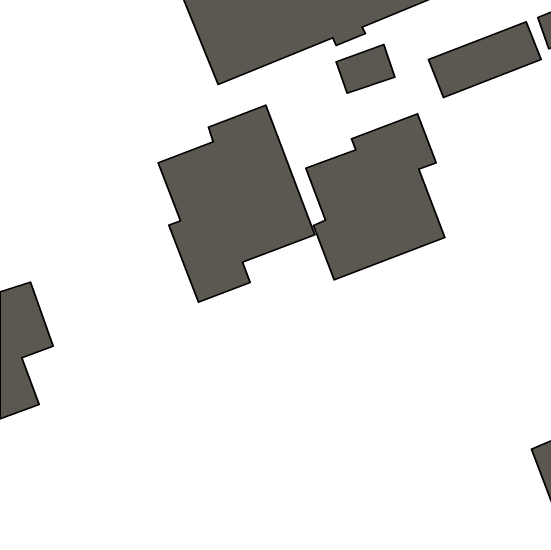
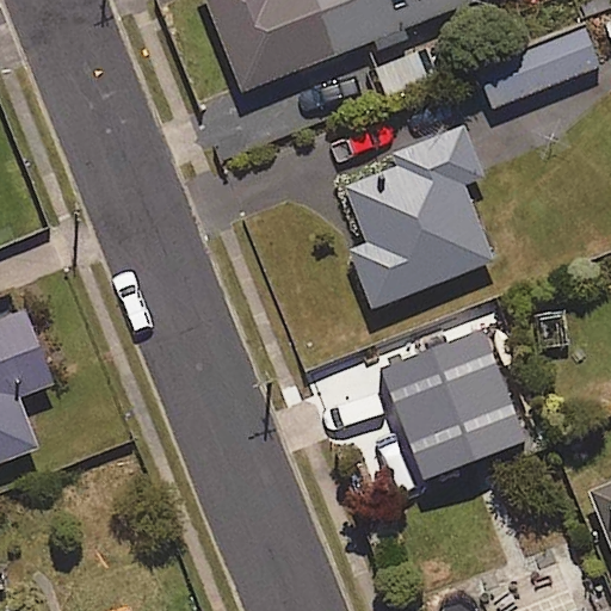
building: [158,105,315,302] -> none
building: none -> [368,323,525,488]

